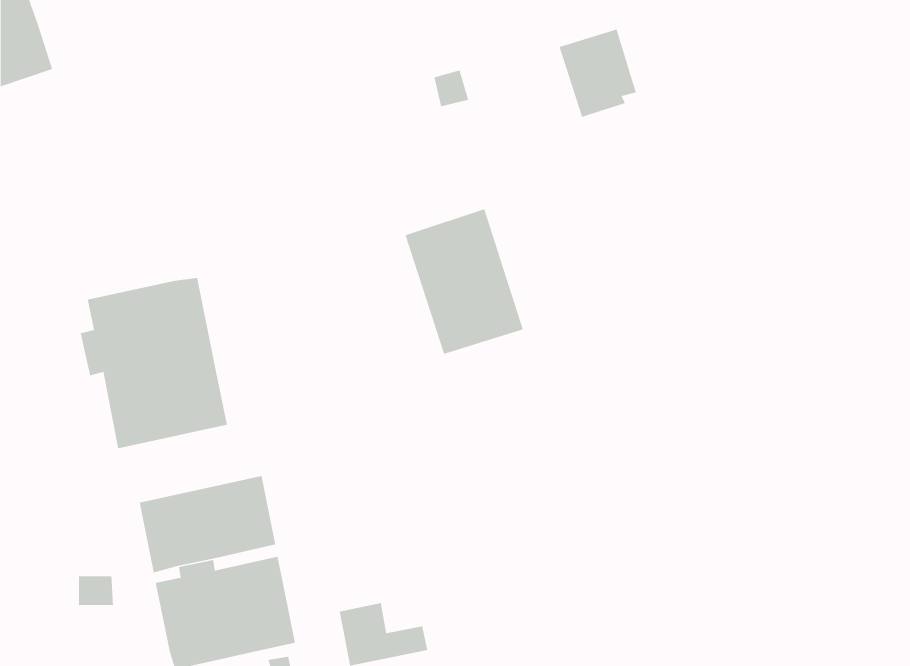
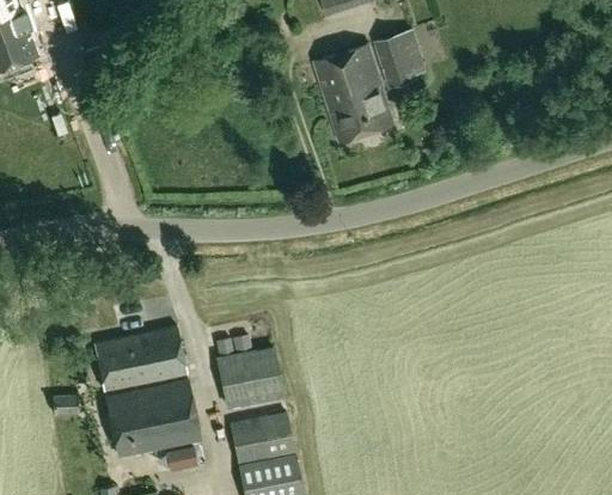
building: [404,208,524,355] -> [316,45,396,143]
building: [80,277,228,449] -> none
building: none -> [216,346,284,409]

